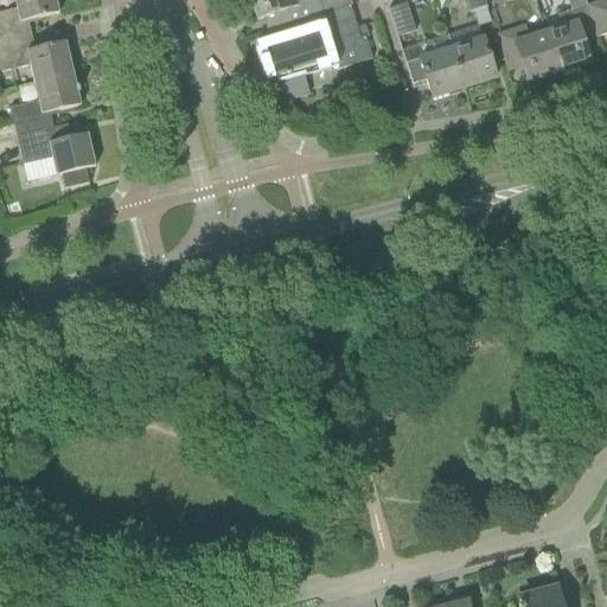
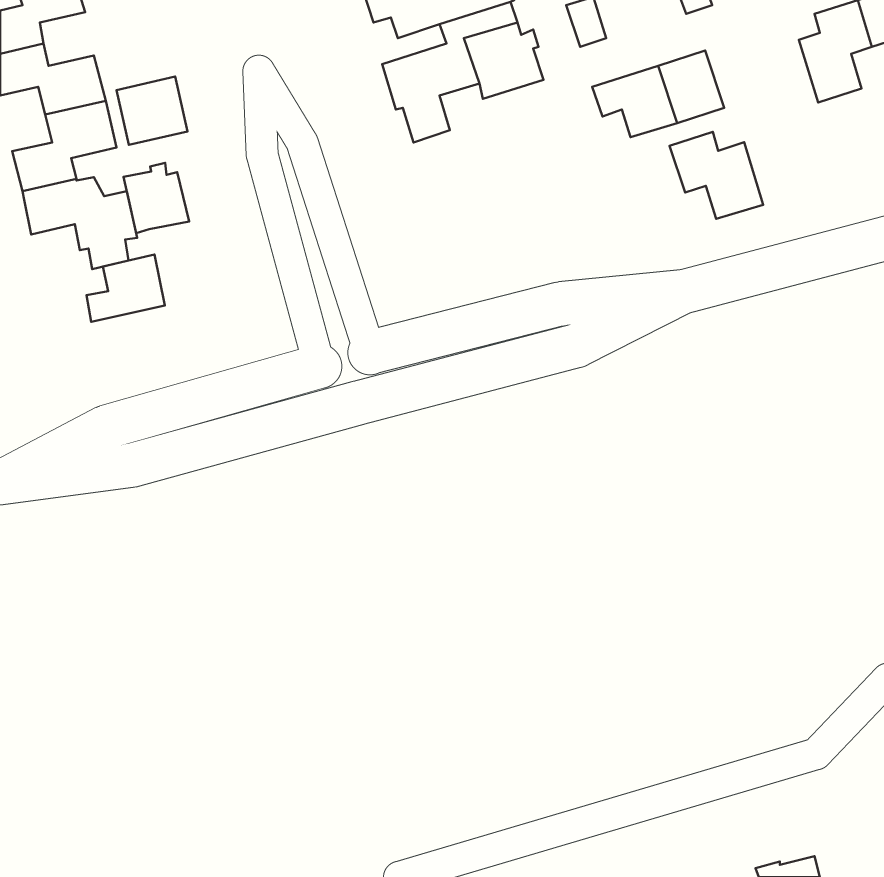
building: [497,20,561,79] -> [669,132,763,219]
building: none -> [116,77,188,145]
building: none -> [124,163,189,233]
building: none -> [87,254,165,322]

